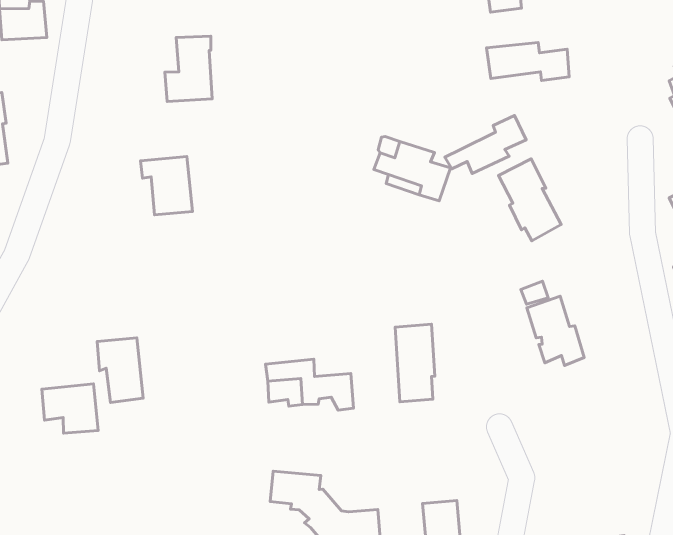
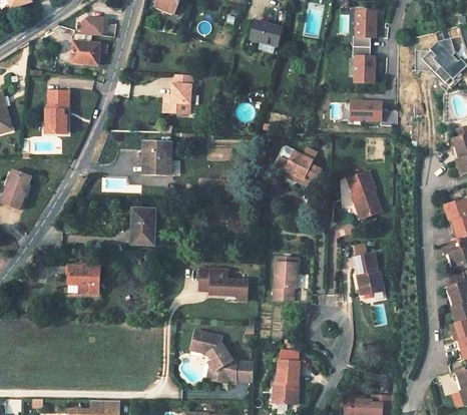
building: [445,116,526,174] -> none
building: [97,338,143,403] -> [131,208,155,244]

